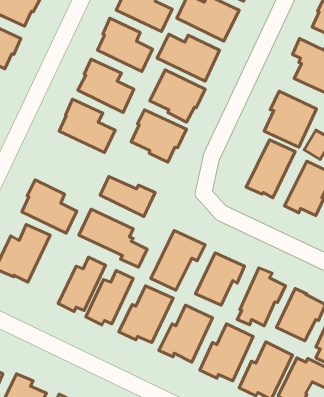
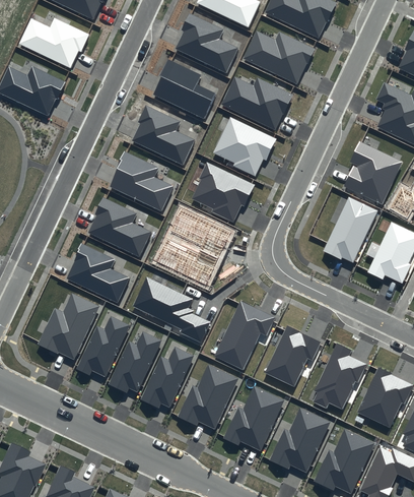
building: none -> [88,197,152,258]
building: none -> [171,208,231,256]
building: none -> [76,316,130,377]

